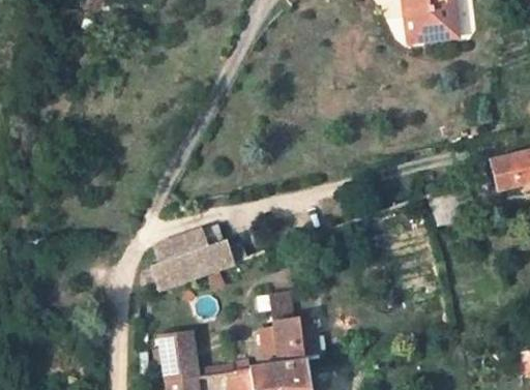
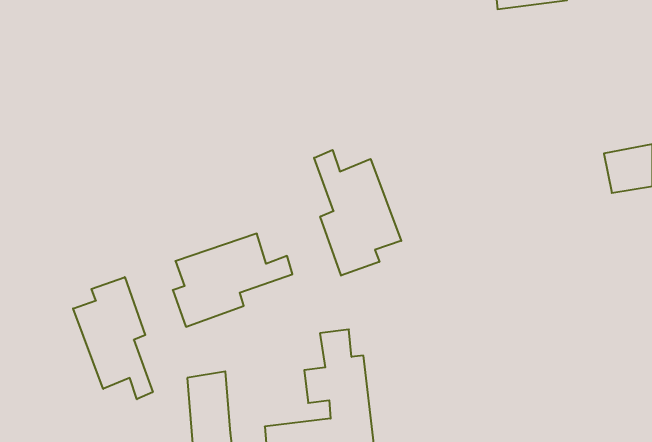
building: none -> [314,150,401,276]
building: none -> [73,277,153,399]

